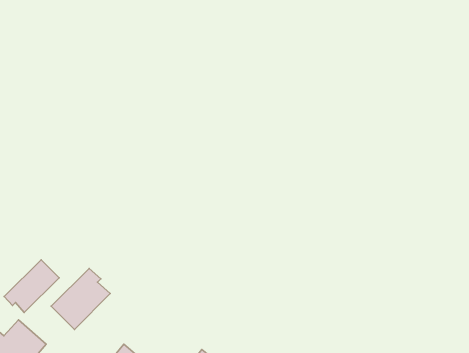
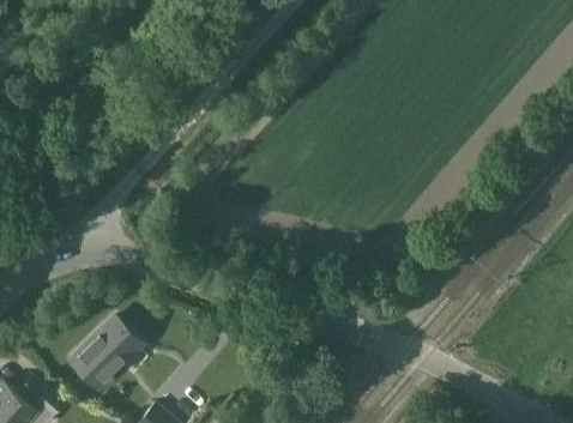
building: [4,260,59,312] -> none

